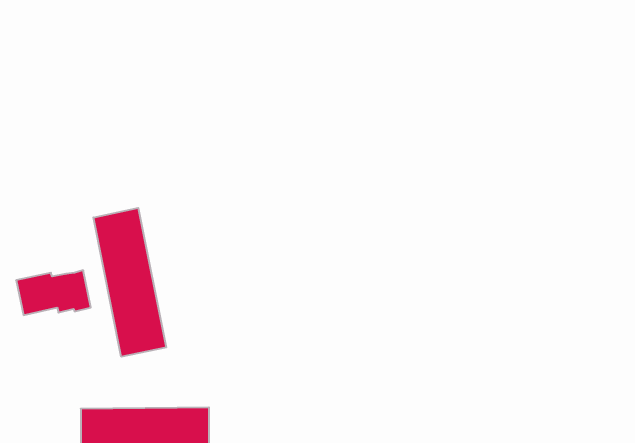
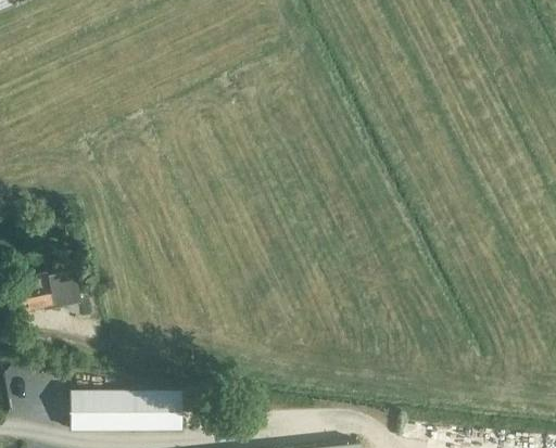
building: [93,208,166,357] -> none

